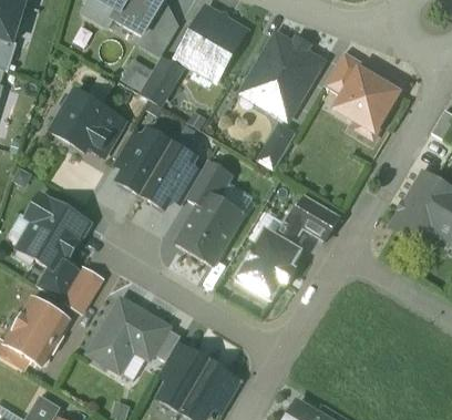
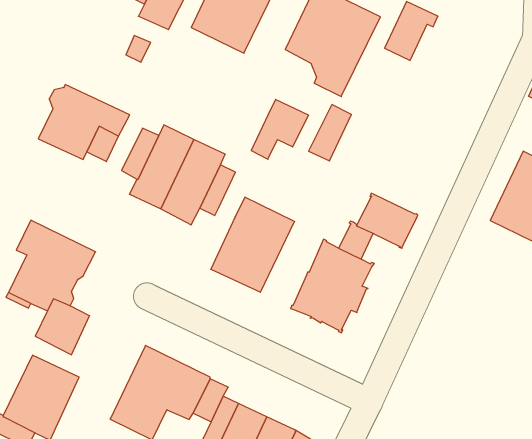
building: [138,57,177,102] -> none
building: [336,69,397,130] -> none
building: [185,158,232,204] -> [251,99,309,159]
building: [63,266,101,310] -> none

